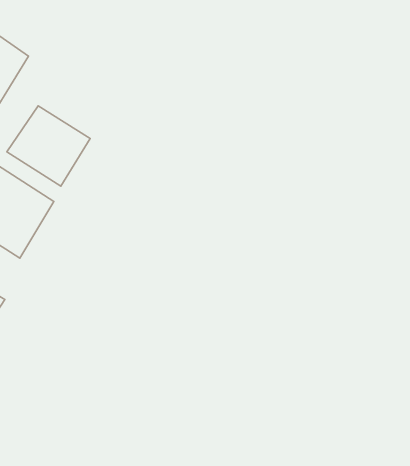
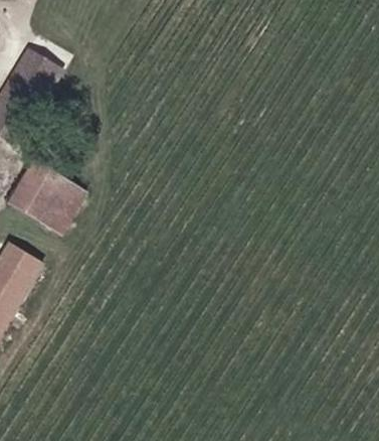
building: [7,106,90,186] -> none

